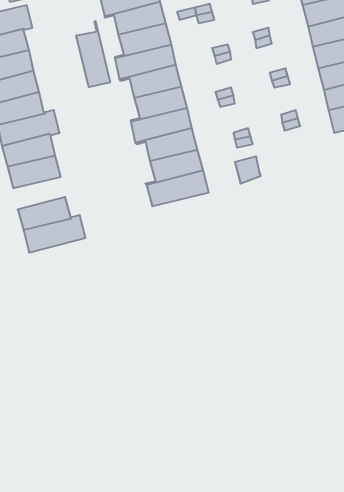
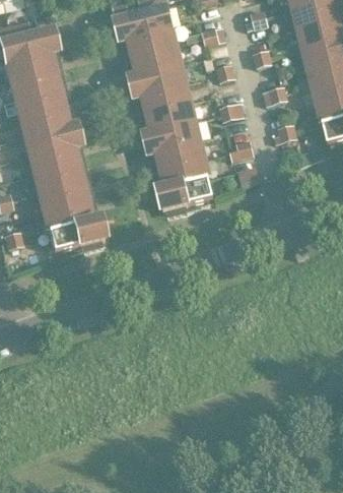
building: [76,21,110,87] -> none
building: none -> [39,183,85,212]

